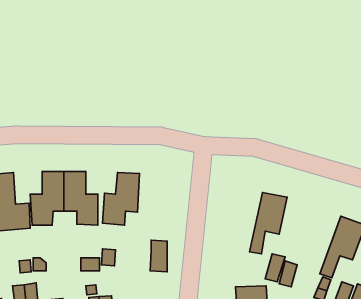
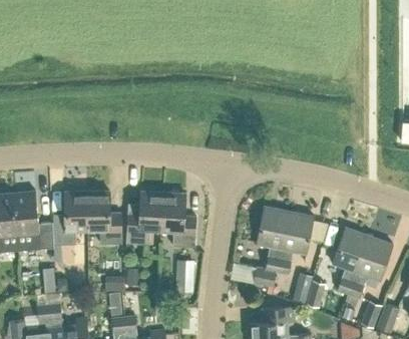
building: none -> [162,193,197,248]
building: none -> [253,207,289,288]
building: none -> [331,227,368,294]

